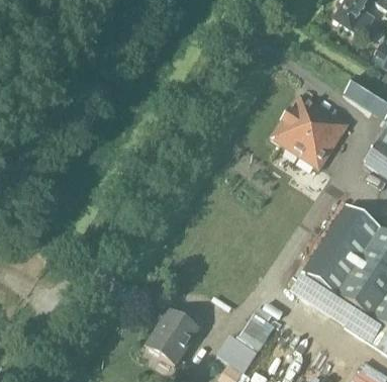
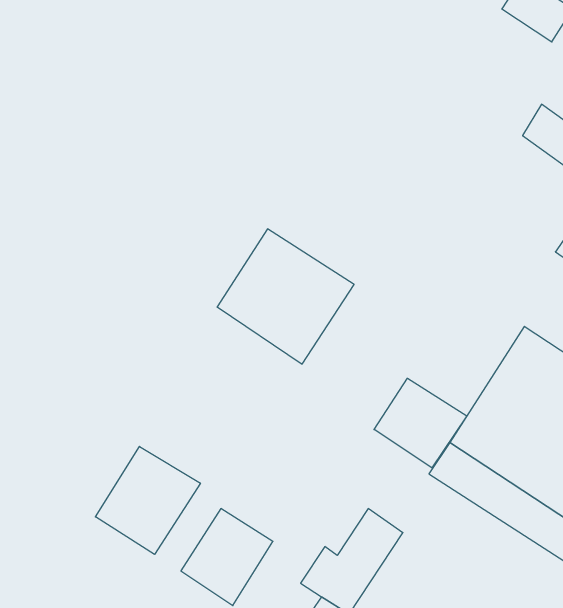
building: [270,92,350,171] -> [217,229,354,364]
building: none -> [374,378,467,468]
building: none -> [95,446,200,554]

